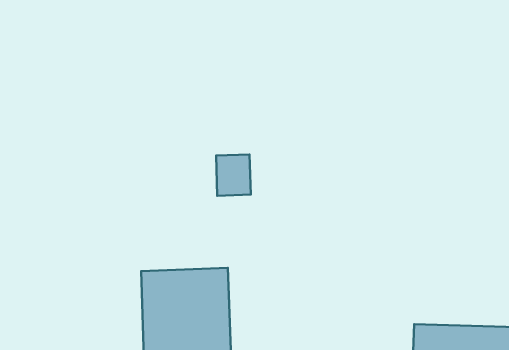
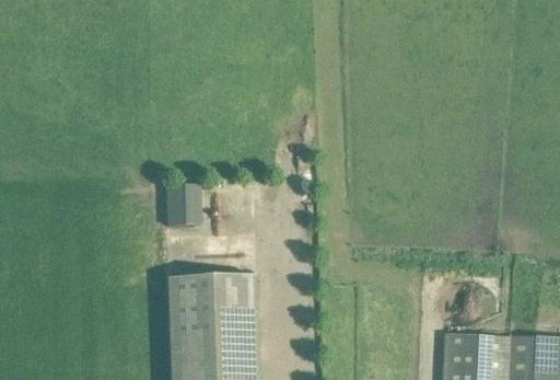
building: [216,155,251,196] -> [167,184,202,226]

